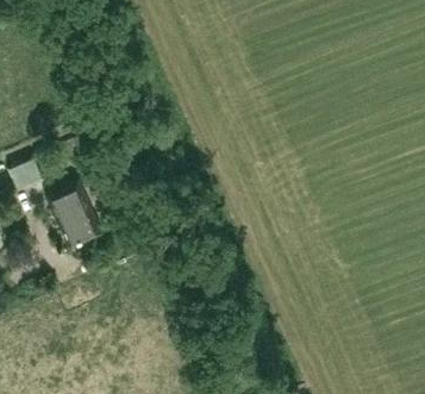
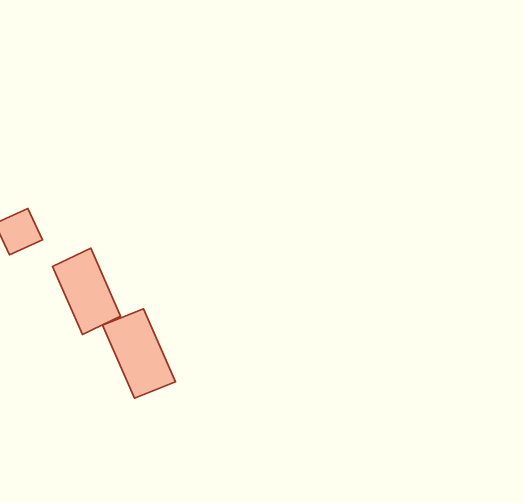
building: none -> [103,309,176,398]

